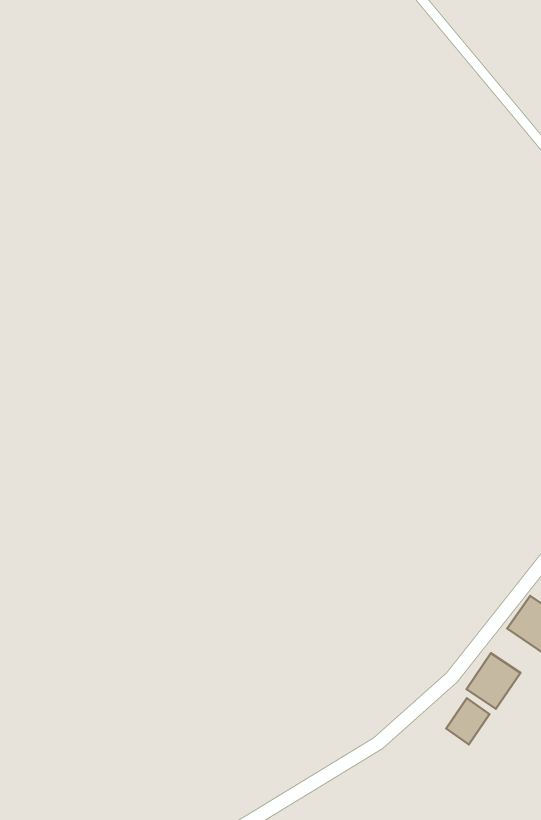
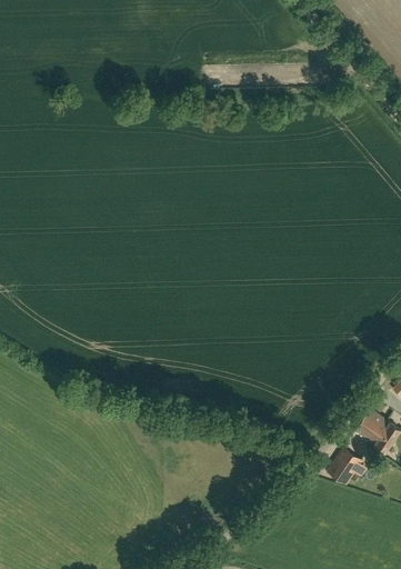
building: [446,698,490,744] -> none

